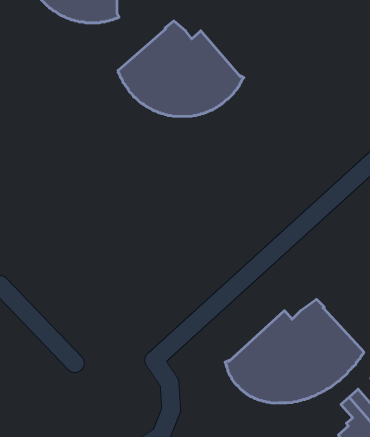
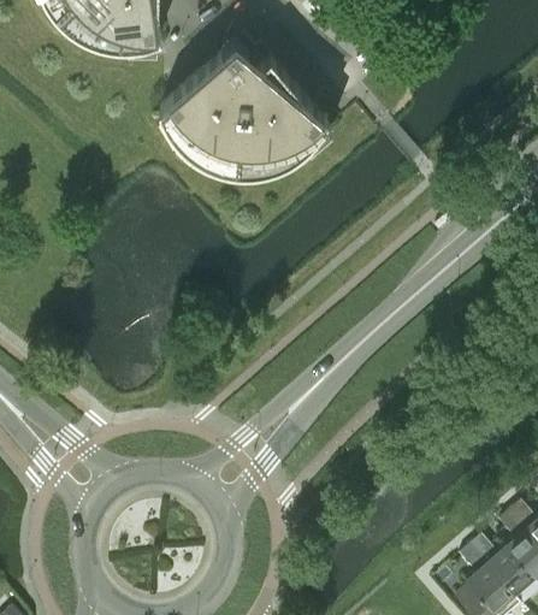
building: [225,299,364,403] -> none

